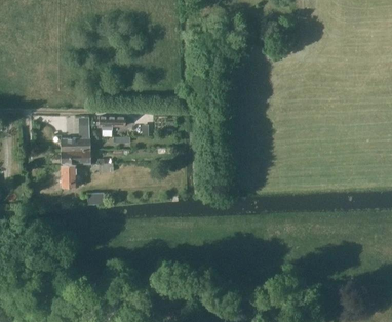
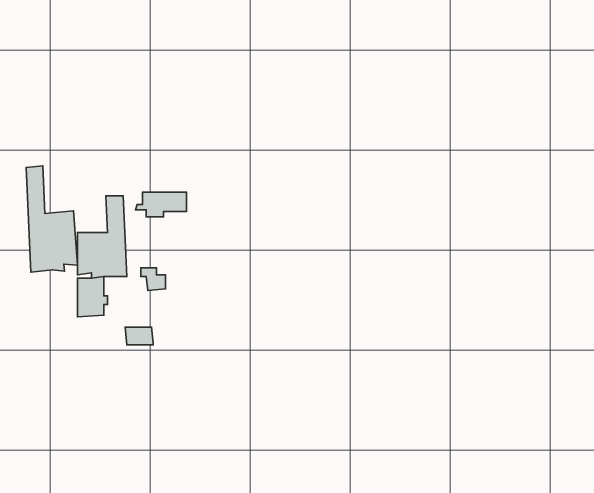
building: none -> [26,166,78,272]

